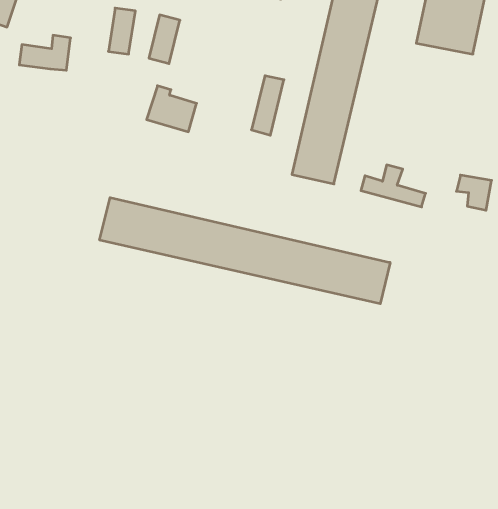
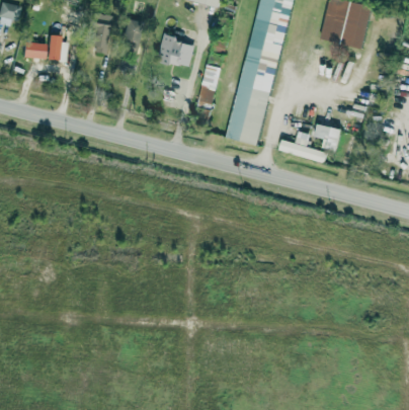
building: [147,86,197,132] -> [157,33,194,68]
building: [456,175,492,210] -> [314,125,340,151]
building: [100,198,390,304] -> none

